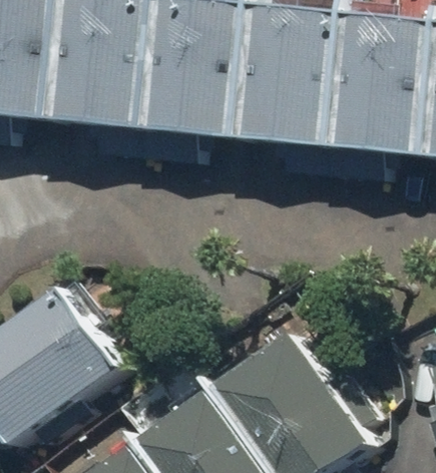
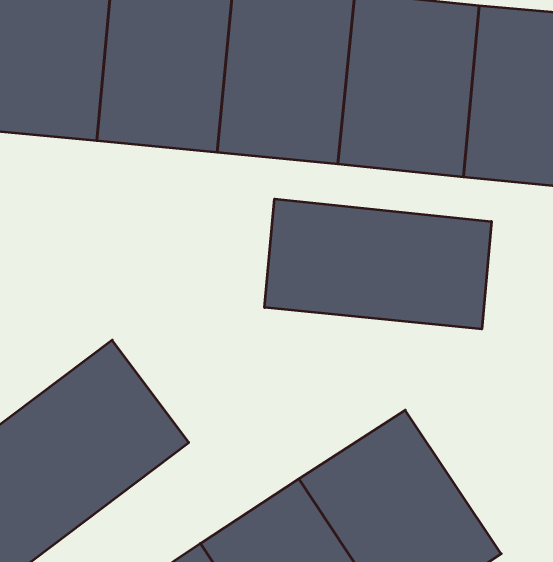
building: none -> [265,199,491,329]

